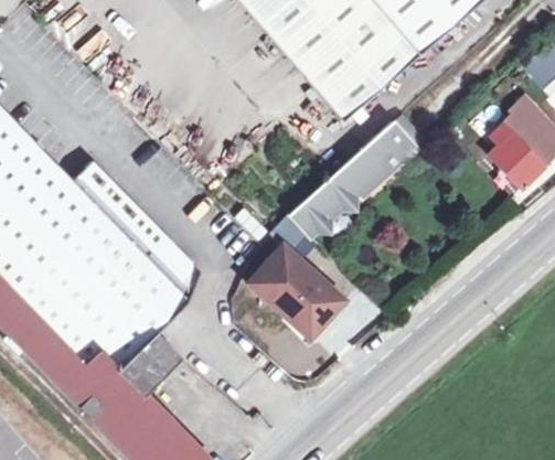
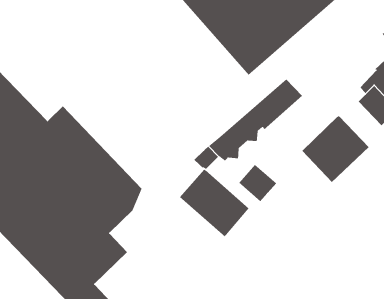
building: none -> [302,115,369,183]
building: none -> [238,164,277,202]

